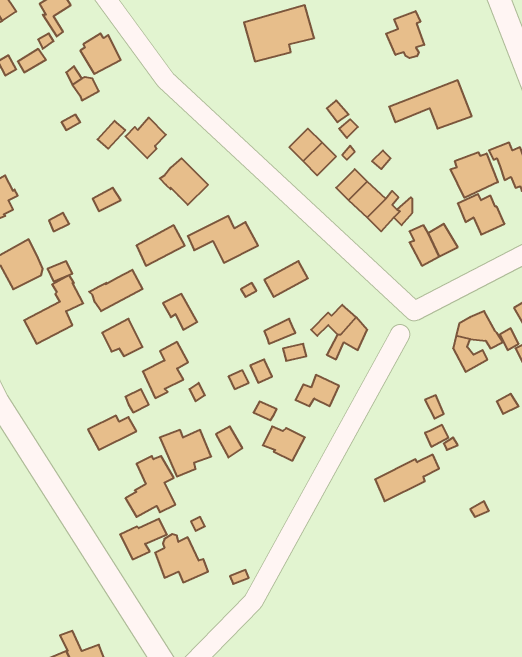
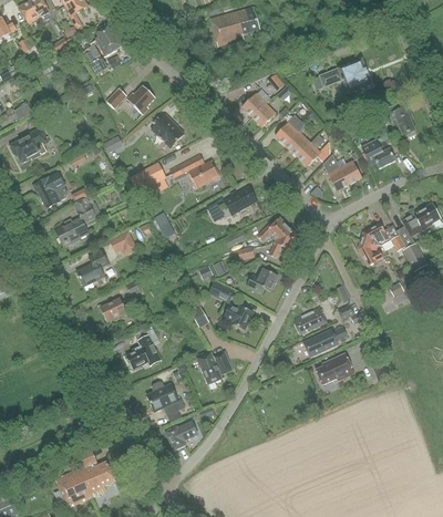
building: [386,11,424,58] -> none
building: [450,152,498,198] -> none
building: [89,270,143,311] -> none
building: [143,342,188,398] -> [76,249,109,289]
building: none -> [295,307,327,334]
building: [160,430,211,477] -> [196,351,233,384]
building: none -> [316,353,354,385]
building: [120,519,167,559] -> [165,421,198,449]

